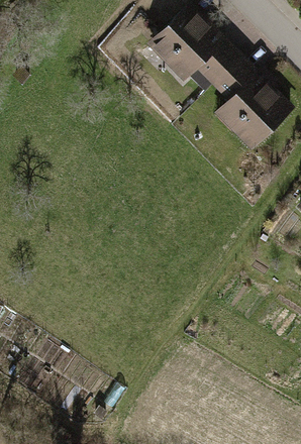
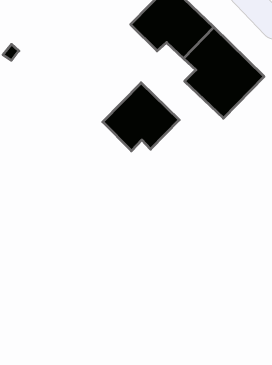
building: none -> [103,83,179,151]

